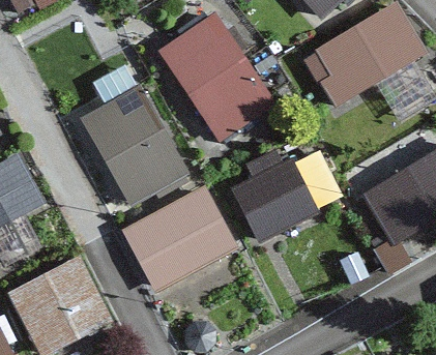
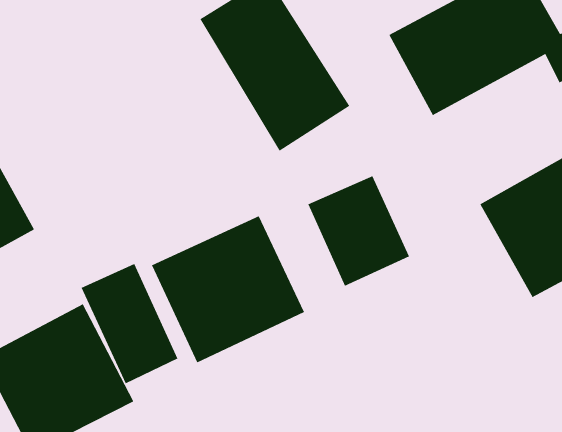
building: [78,83,188,207] -> none
building: none -> [81,263,178,384]

